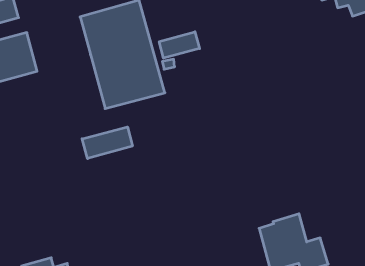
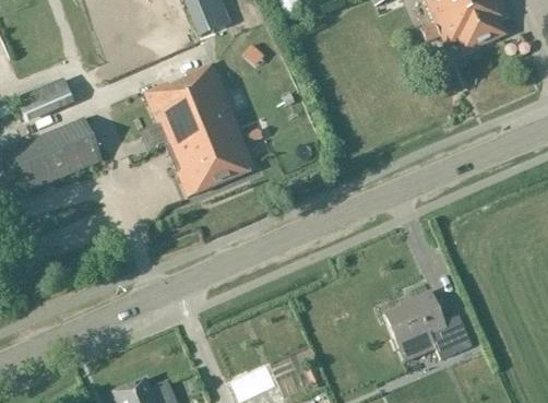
building: [159,32,200,58] -> none
building: [82,127,132,159] -> none

